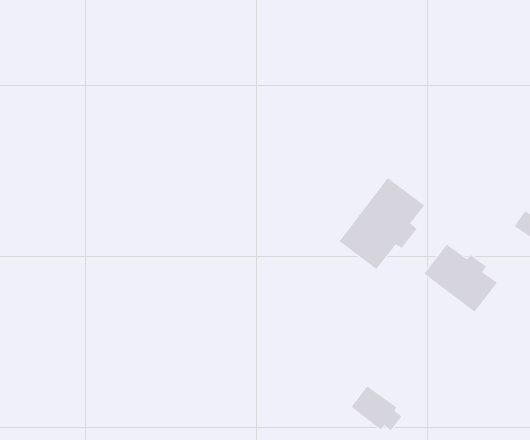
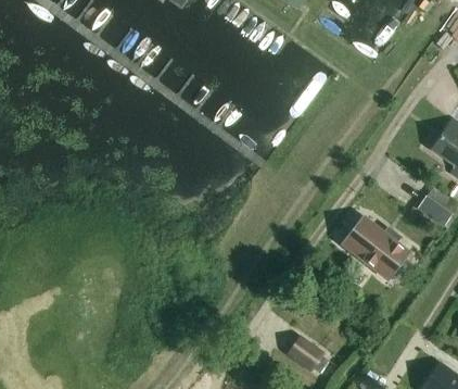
building: [339,177,425,270] -> none

